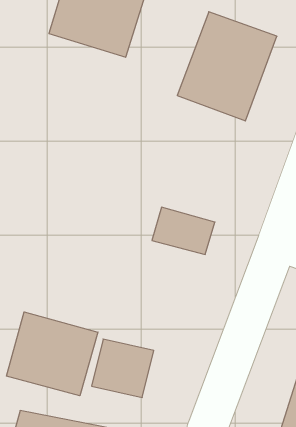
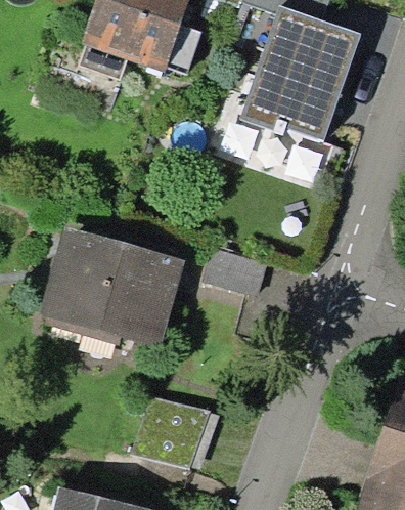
building: none -> [37,226,185,351]
building: [7,312,98,396] -> none

